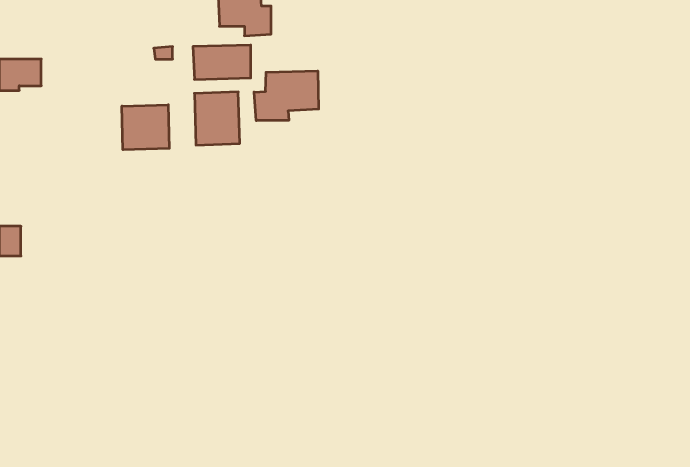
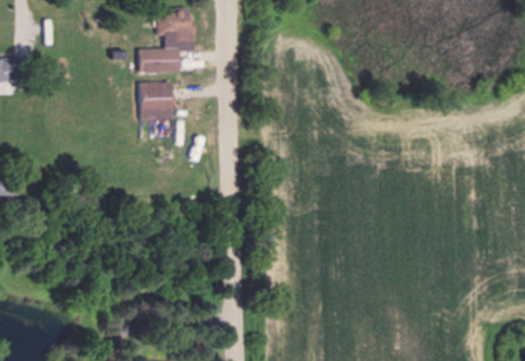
building: [254,71,319,121] -> none
building: [122,105,169,150] -> none

